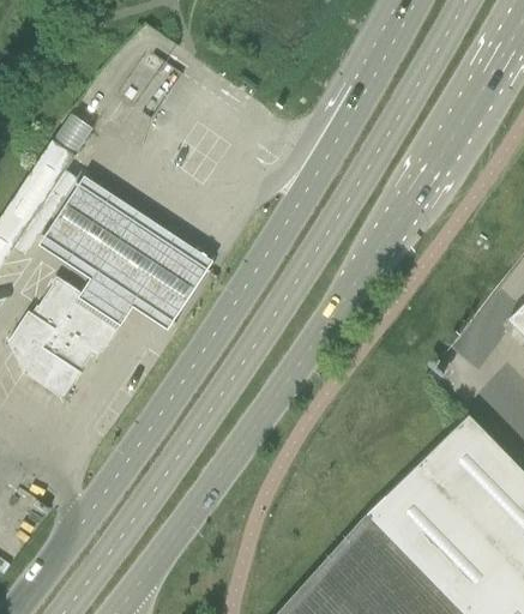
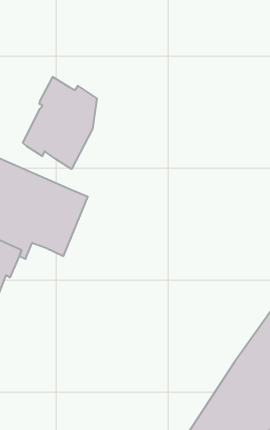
building: none -> [23,77,97,169]

